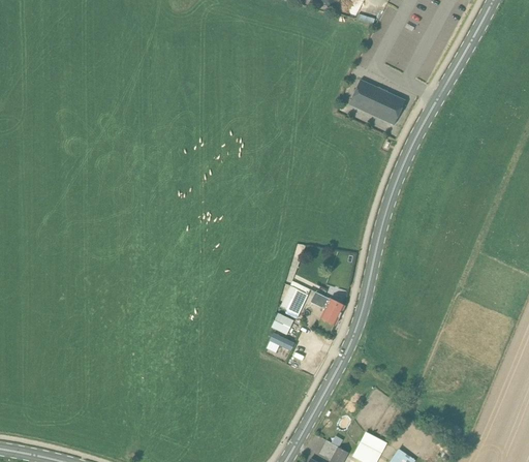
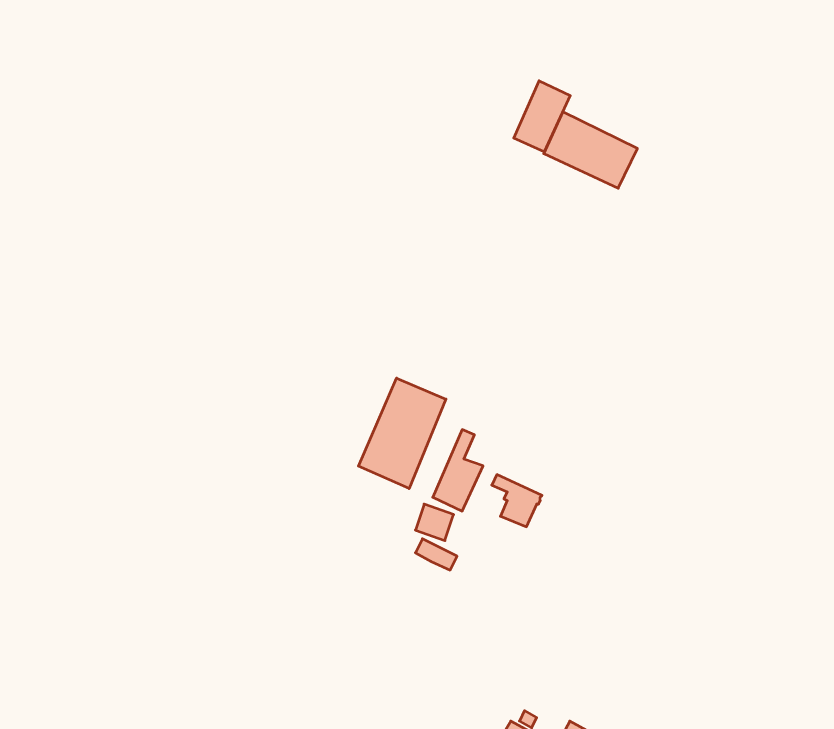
building: none -> [514,81,570,152]
building: none -> [358,378,446,489]

